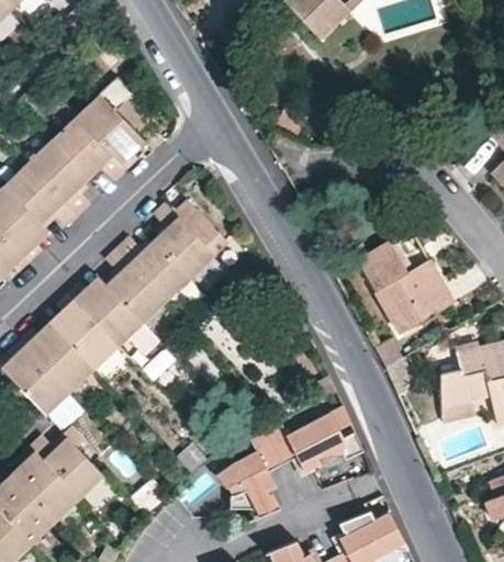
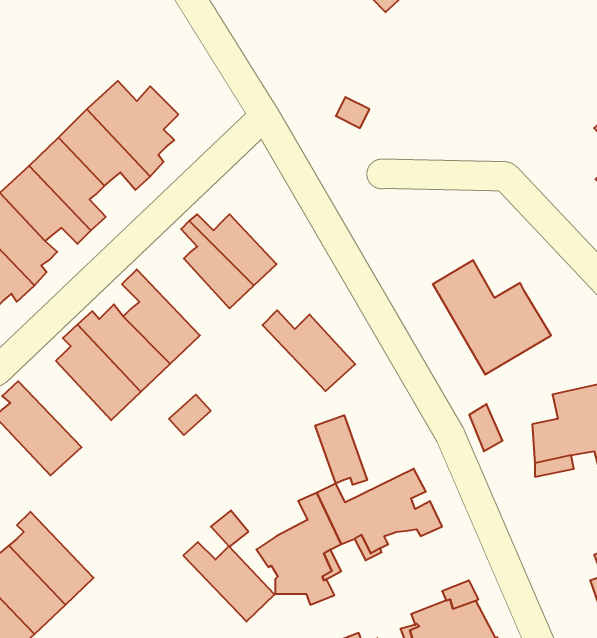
building: [115,235,191,301] -> [262,310,355,391]
building: [19,322,94,392] -> none
building: none -> [315,415,367,485]
building: [29,434,103,498] -> [183,542,275,622]

